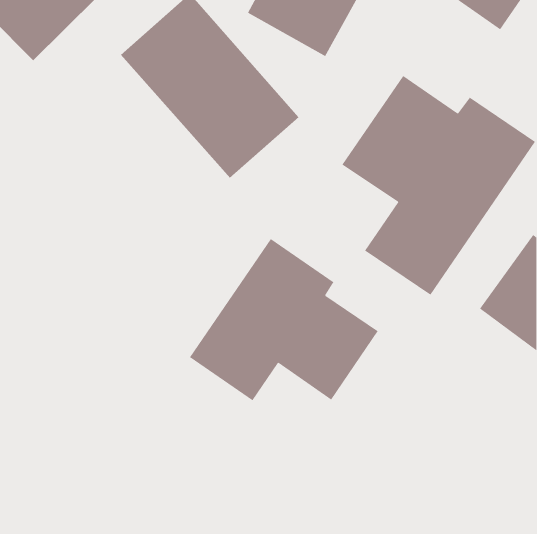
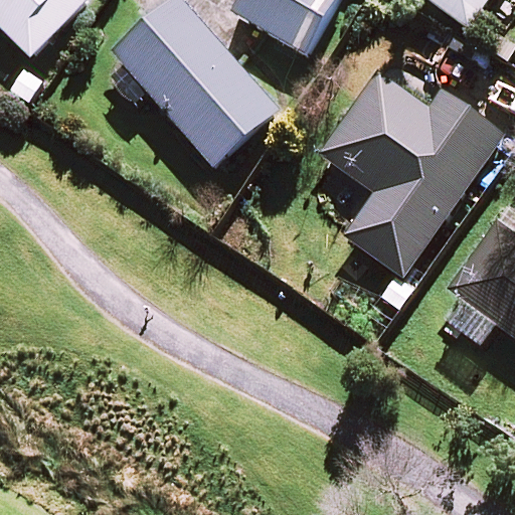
building: [189,238,378,401] -> none

